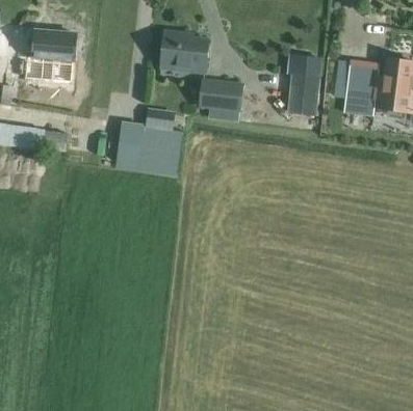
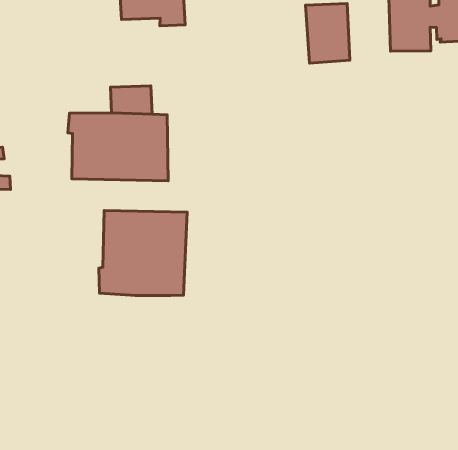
building: [200,79,242,120] -> none
building: none -> [99,210,187,295]

